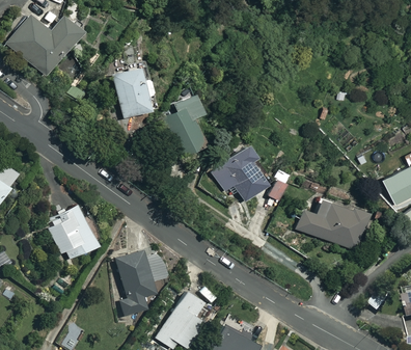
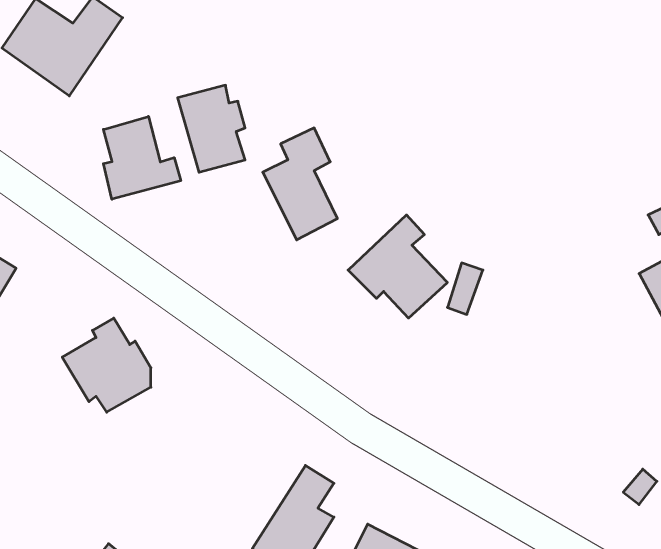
building: none -> [103,116,181,199]
building: [296,196,367,250] -> none
building: [114,248,167,316] -> none

